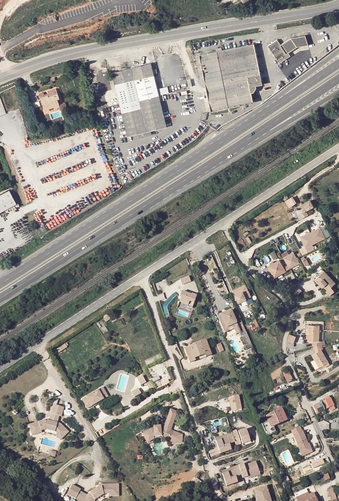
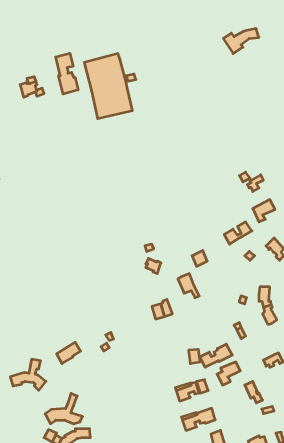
building: [199,44,261,110] -> none
building: none -> [56,53,78,94]
building: none -> [200,344,232,367]
building: [141,409,183,443] -> [45,393,83,424]

